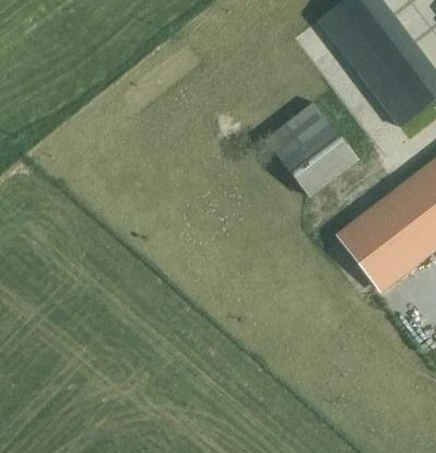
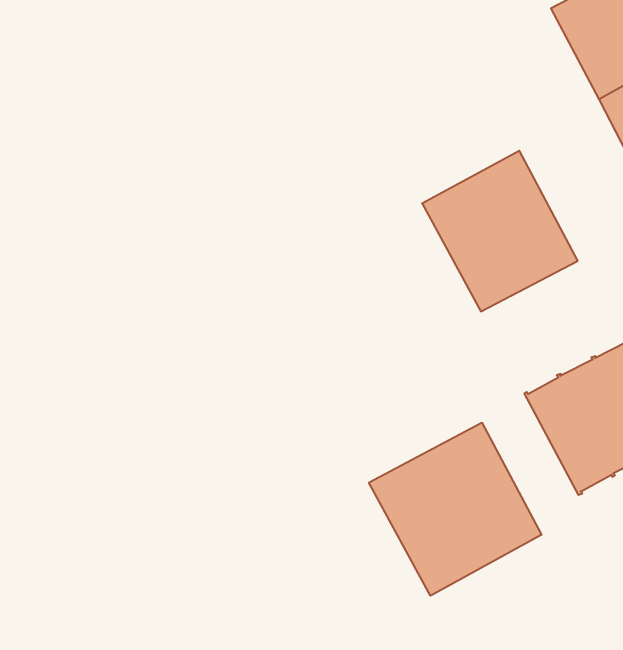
building: none -> [369,423,541,596]

